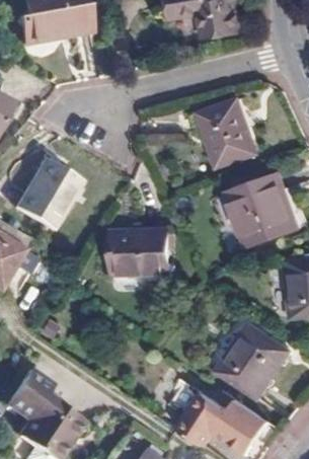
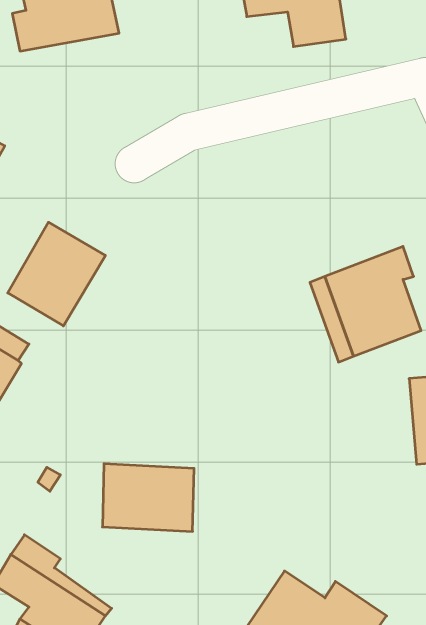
building: [199,101,259,168] -> none
building: [108,230,170,276] -> [102,464,194,531]
building: [219,322,292,400] -> none

